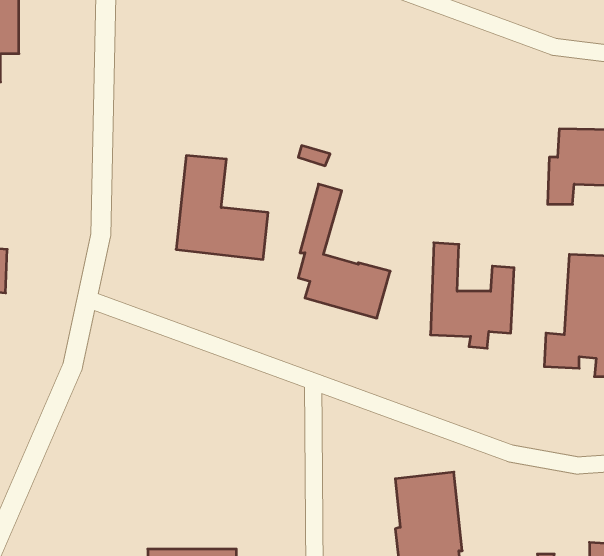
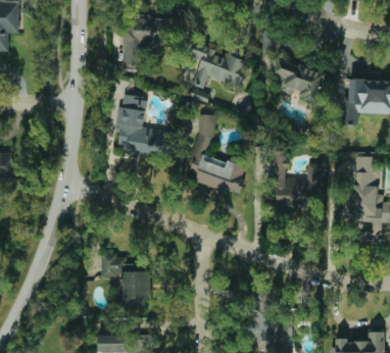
building: none -> [123,19,173,71]
building: none -> [190,44,248,89]
building: none -> [273,59,325,103]
building: none -> [101,254,150,309]

